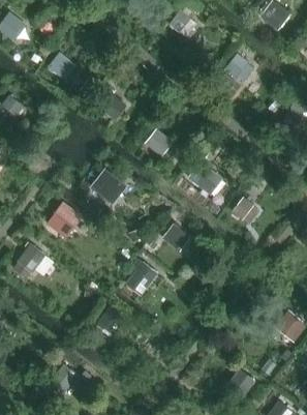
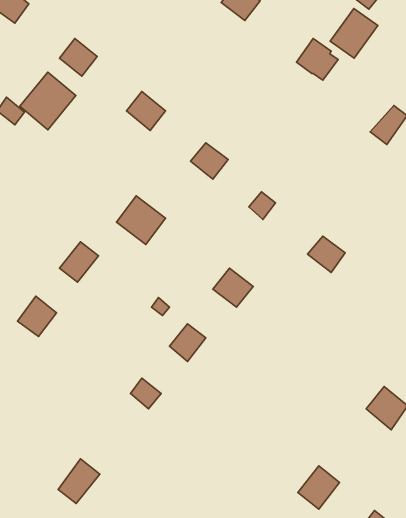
building: none -> [330,9,378,58]
building: none -> [20,72,76,130]

